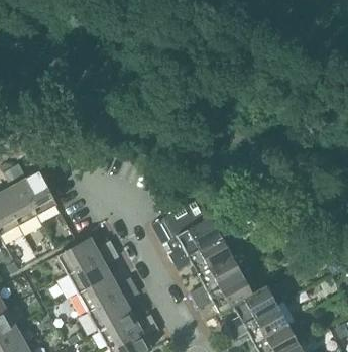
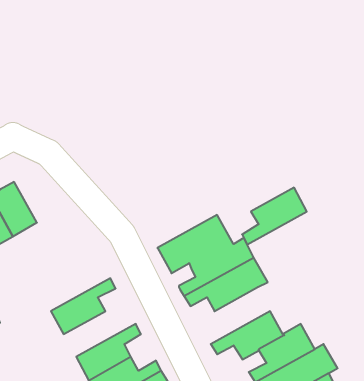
building: [57,238,115,275] -> none
building: [191,256,242,302] -> [242,188,307,245]
building: [78,275,135,312] -> none

